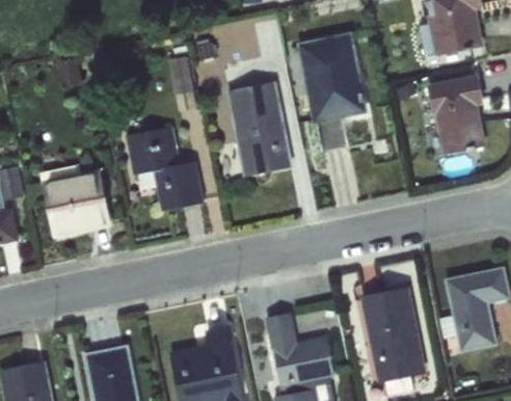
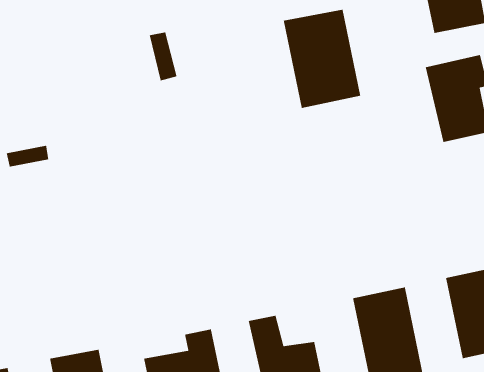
building: [226,81,293,177] -> none
building: [125,126,204,212] -> none
building: [42,171,111,238] -> none

